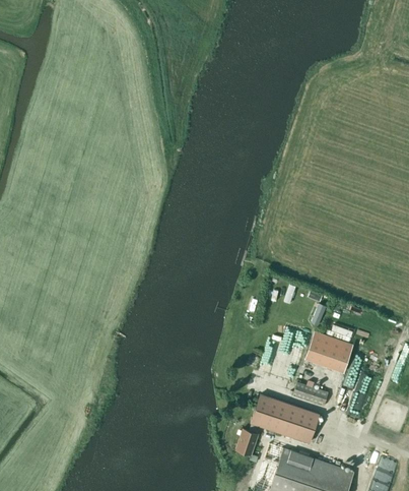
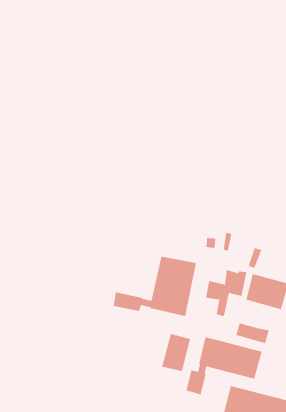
building: none -> [113,256,197,317]
building: none -> [162,333,191,372]

